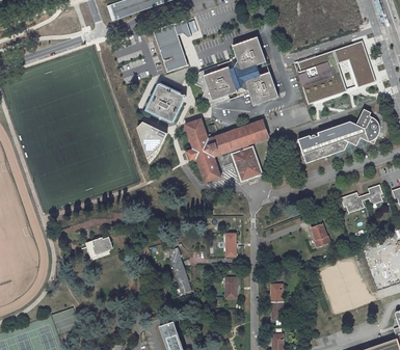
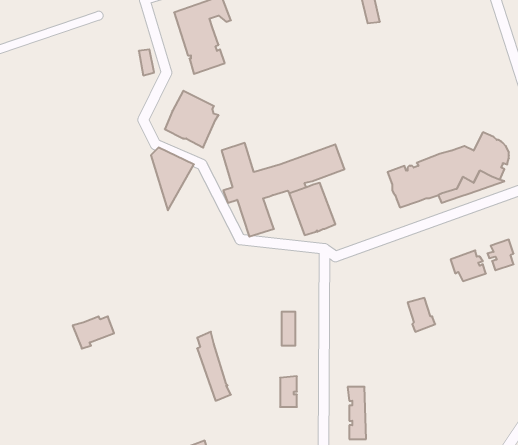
building: [193,37,277,106] -> none
building: [295,42,375,105] -> none

